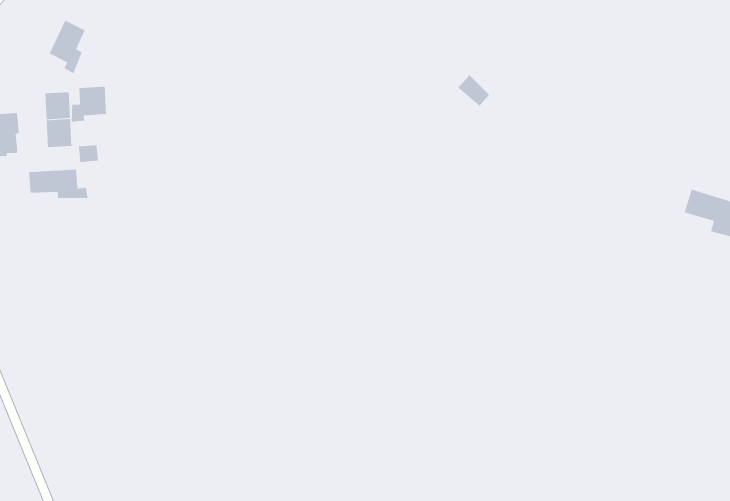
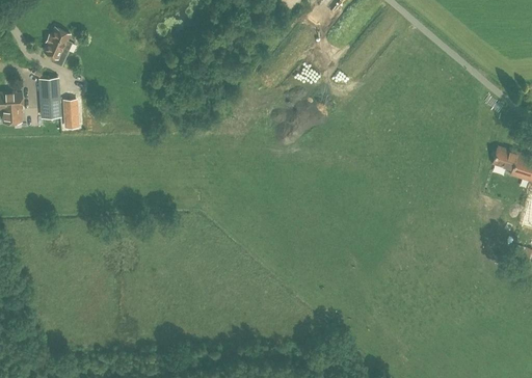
building: [71,86,107,123] -> none
building: [29,169,88,199] -> none

